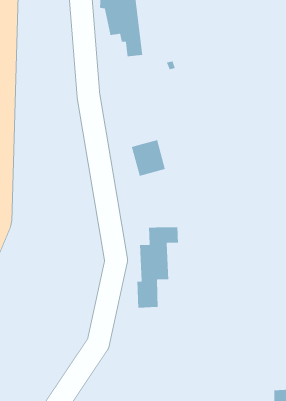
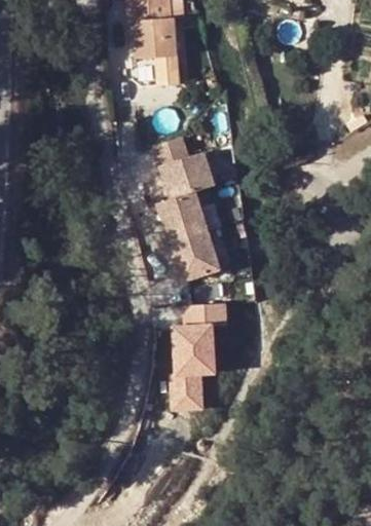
building: none -> [166,141,221,199]
building: none -> [177,232,221,277]

